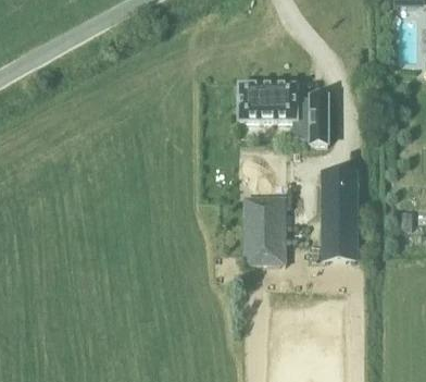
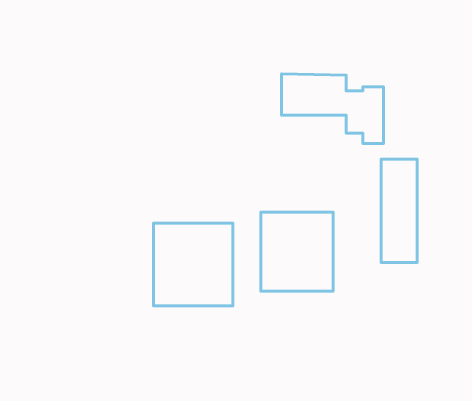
building: none -> [153,223,233,306]

